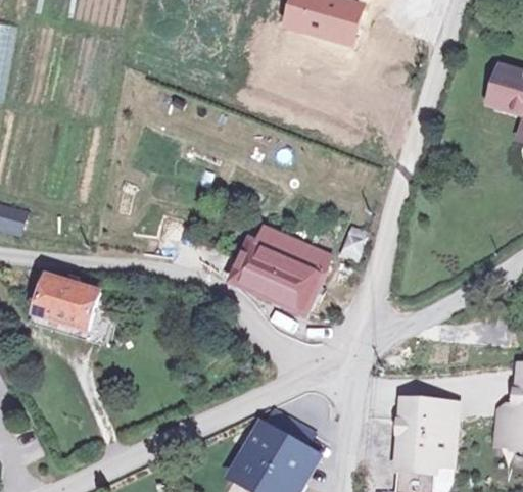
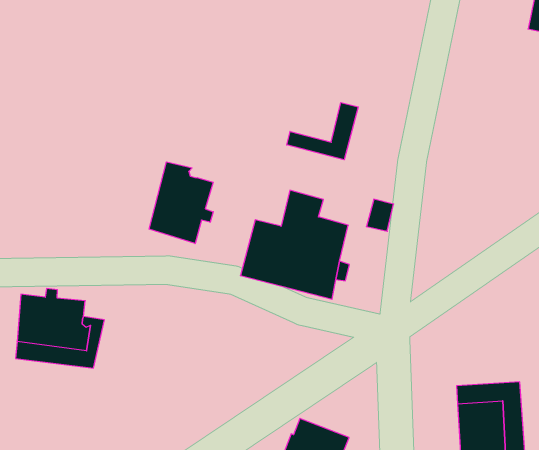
building: none -> [287,103,358,160]
building: none -> [149,162,213,244]

